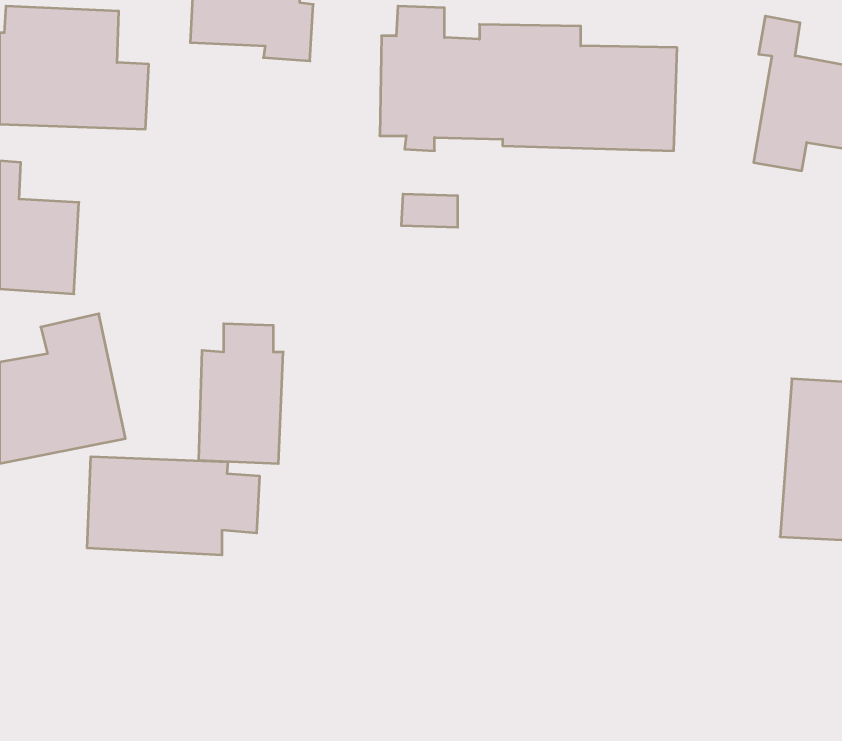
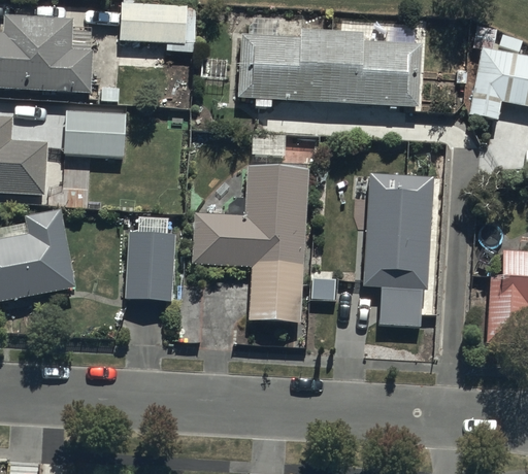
building: none -> [62,109,126,157]
building: none -> [191,163,311,325]
building: none -> [361,172,431,328]
building: [87,457,259,555] -> none

